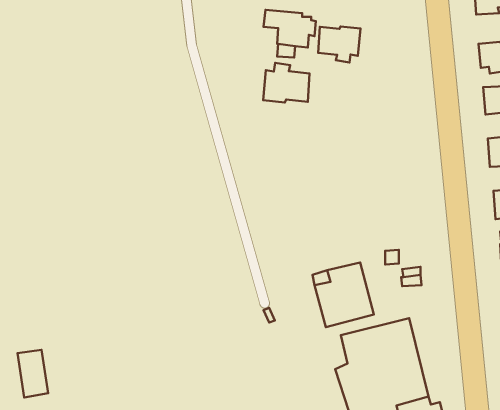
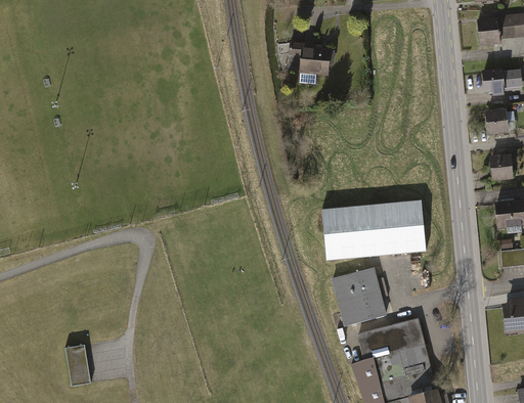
building: [318,26,360,62] -> none
building: [263,63,310,102] -> none
building: none -> [322,200,426,260]

